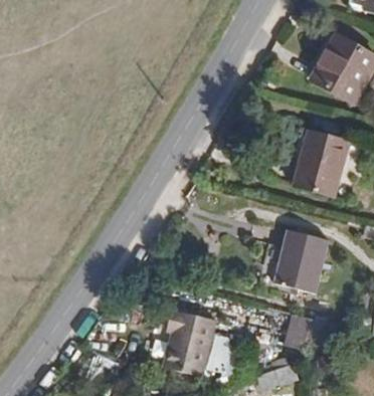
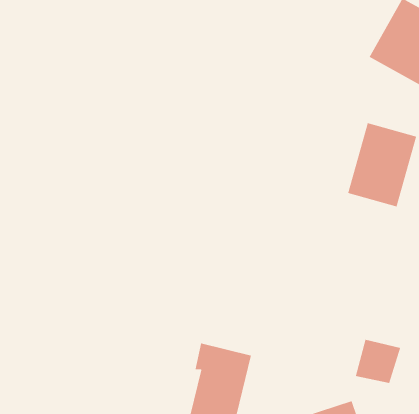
building: [273,230,327,293] -> none

